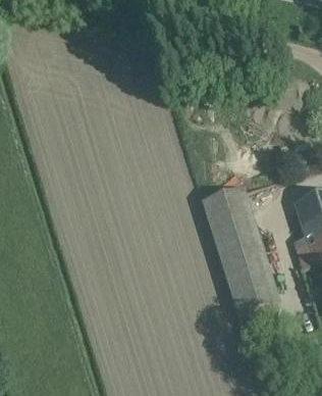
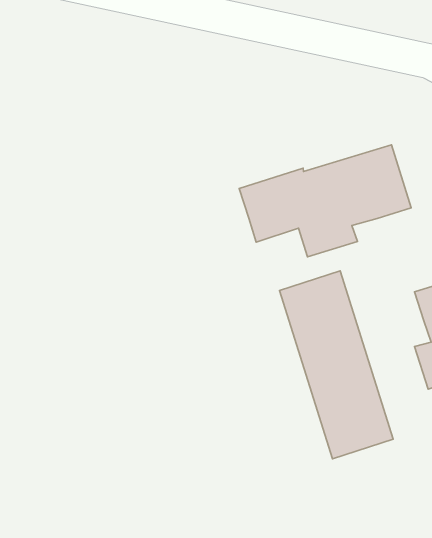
building: none -> [239,145,411,257]

